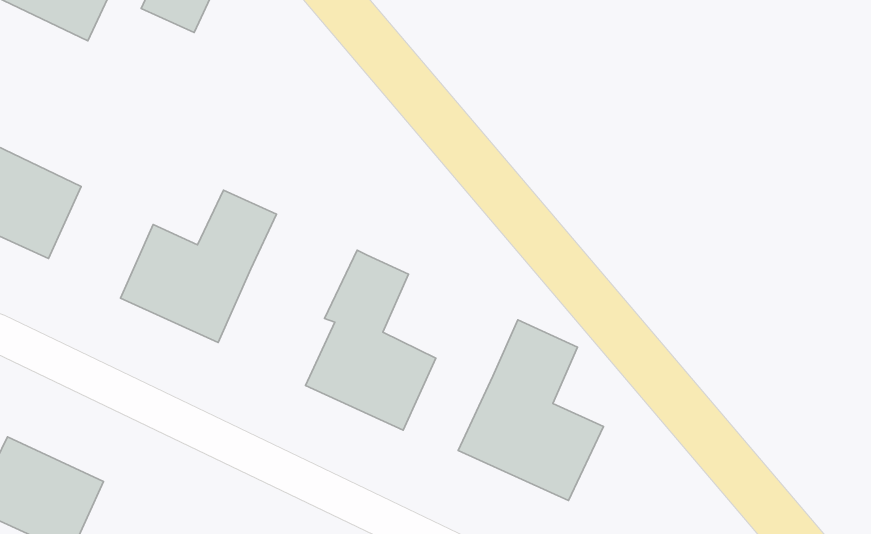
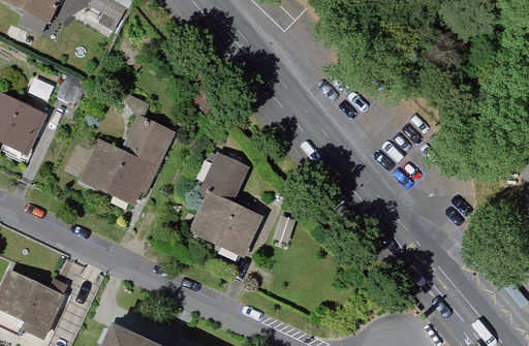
building: [458,320,603,501] -> none

